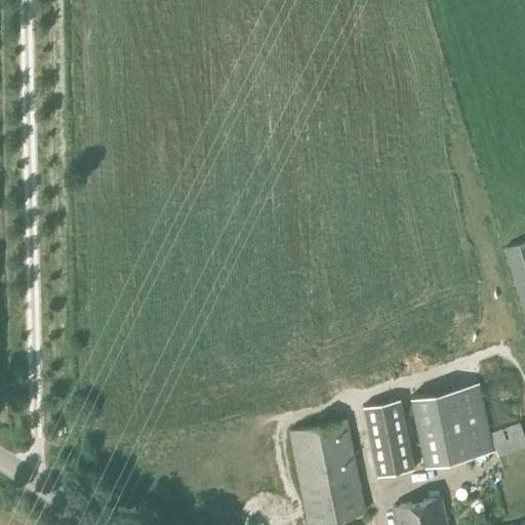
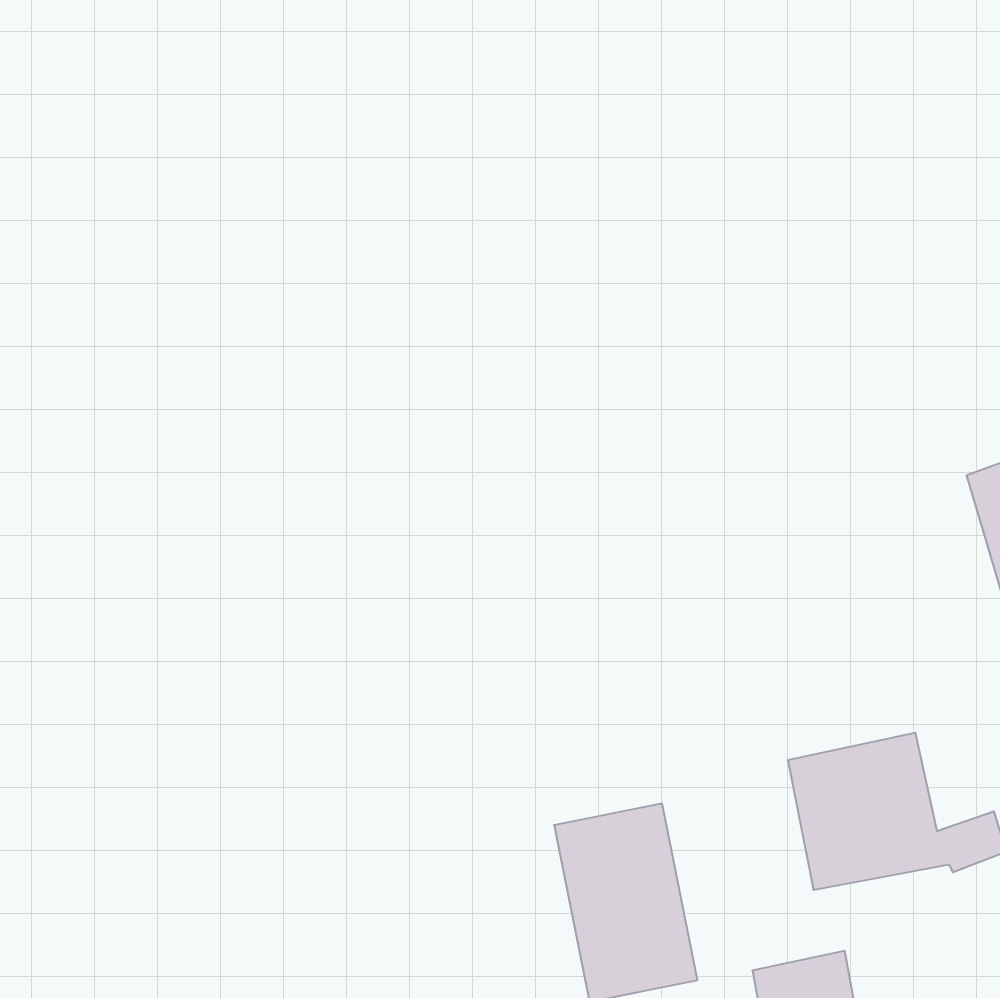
building: [365,402,415,479] -> none

